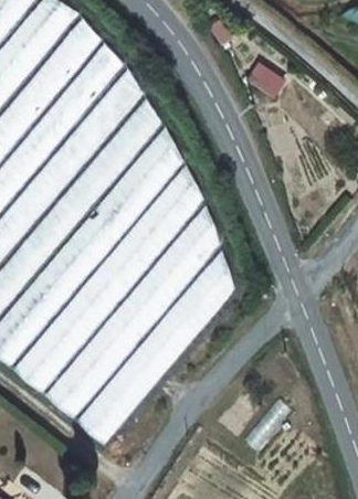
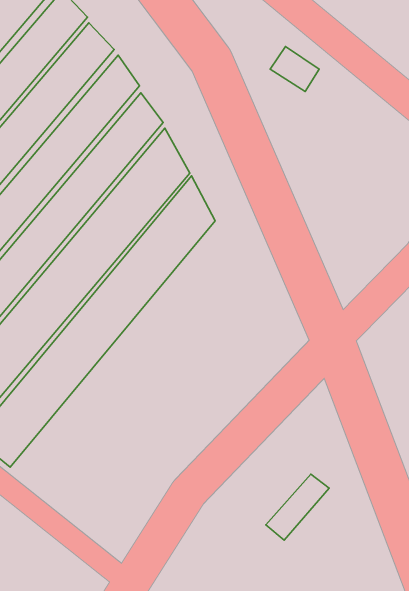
building: [44,205,220,418] -> none
building: [76,251,234,444] -> none

